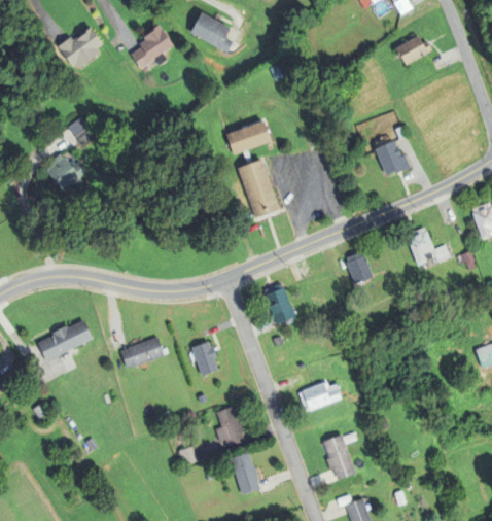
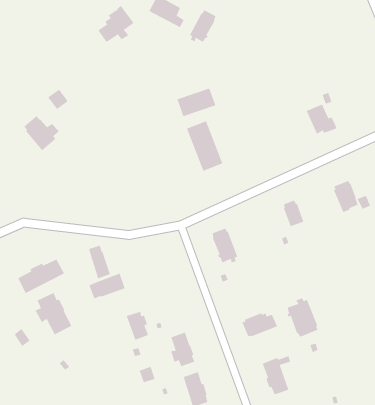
building: [58,26,103,68] -> none
building: none -> [189,10,216,43]
building: [395,35,433,65] -> none
building: none -> [88,245,111,279]
building: [191,342,218,376] -> [126,311,149,340]
building: none -> [35,292,72,335]
building: none -> [287,297,318,338]

